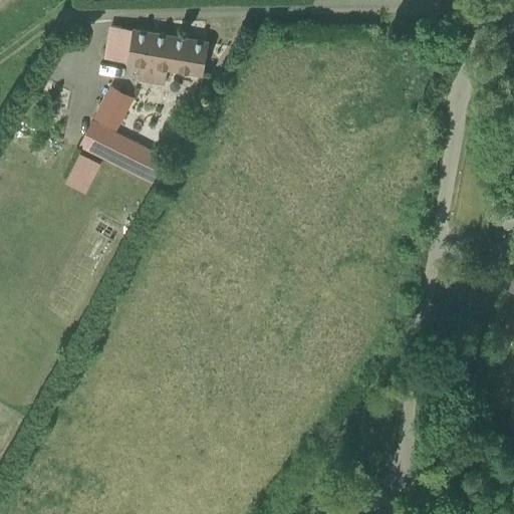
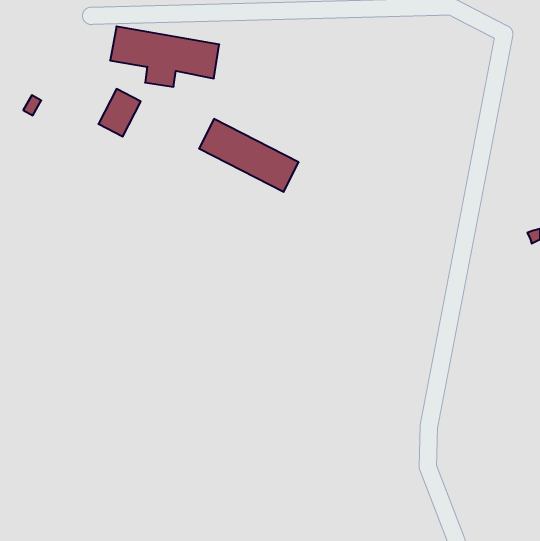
building: [79,119,174,189] -> [199,119,299,192]

